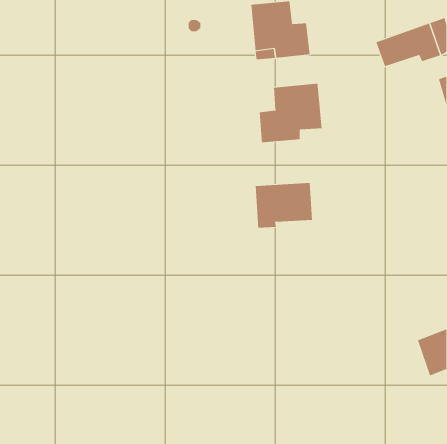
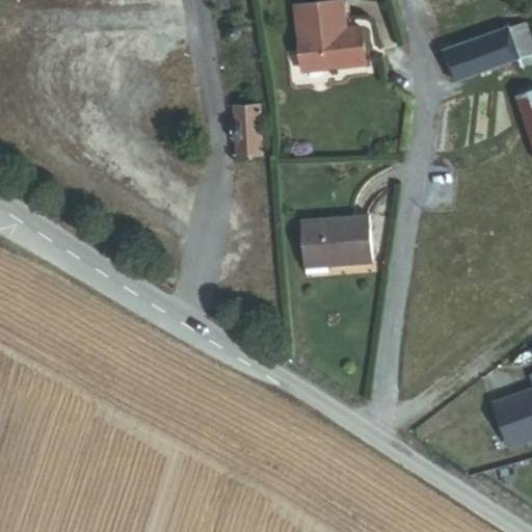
building: [259,83,322,143] -> none
building: none -> [231,107,259,153]

